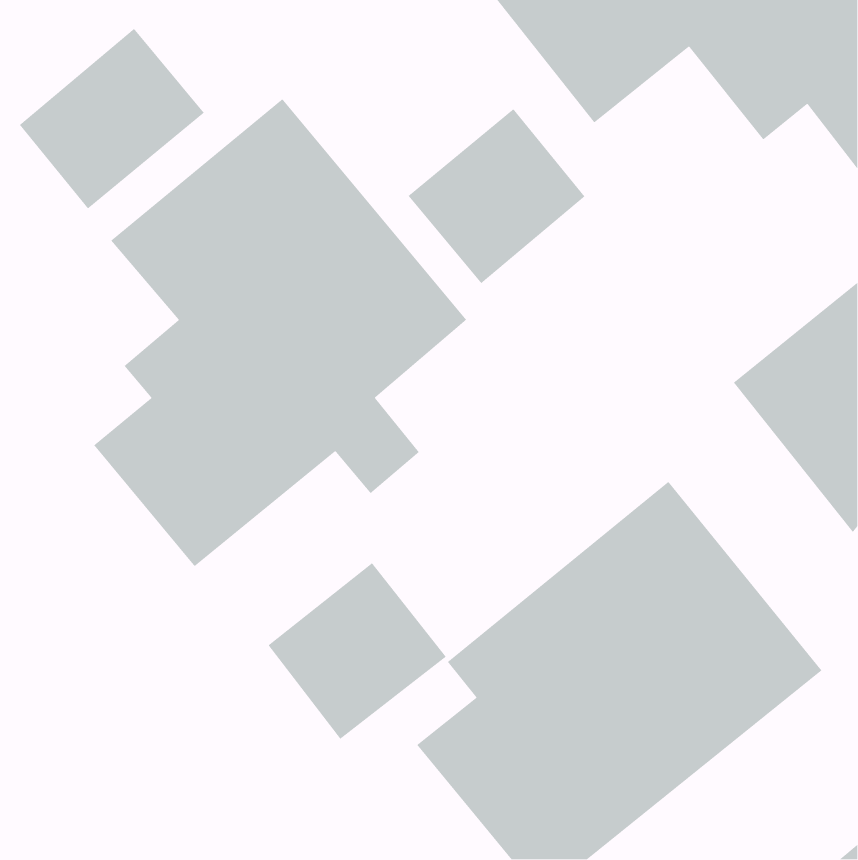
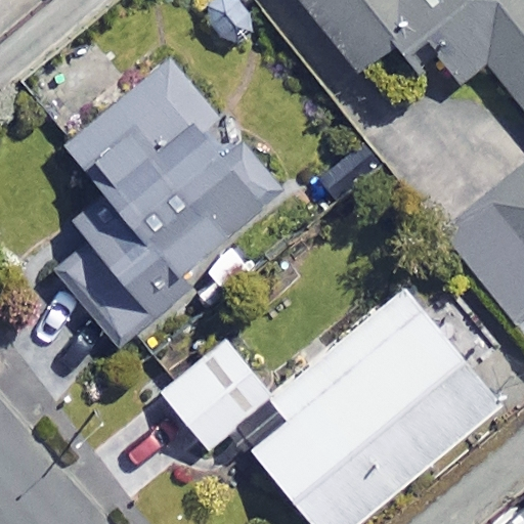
building: [19,28,205,210] -> none
building: [408,108,585,284] -> none

